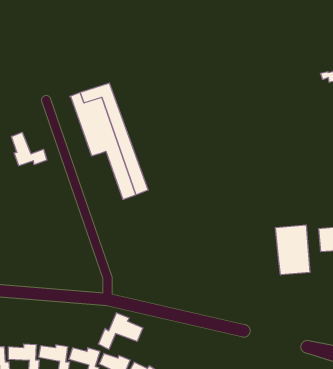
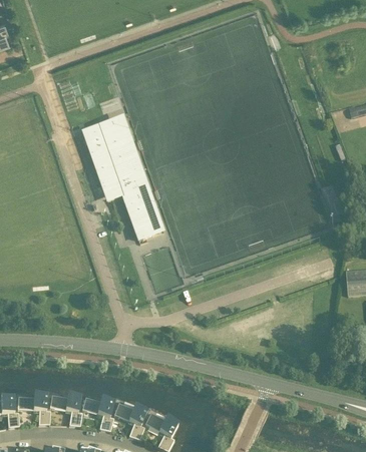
building: [11,132,47,166] -> none
building: [275,225,310,275] -> none
building: [99,313,143,349] -> none

